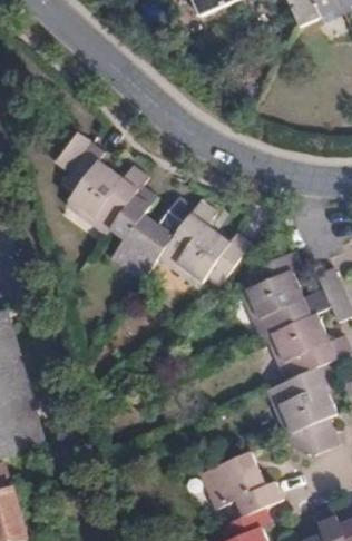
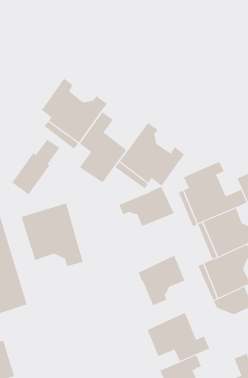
building: none -> [11,139,60,195]
building: none -> [119,186,174,227]
building: none -> [21,203,84,267]
building: none -> [138,255,185,306]

